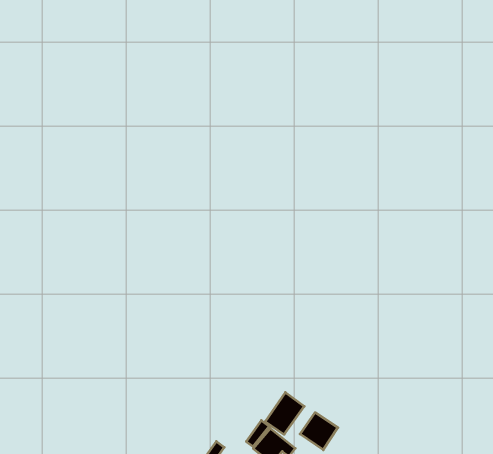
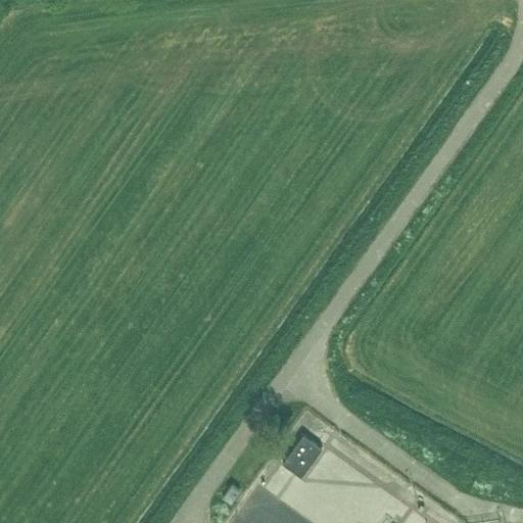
building: [300,413,338,450] -> none

